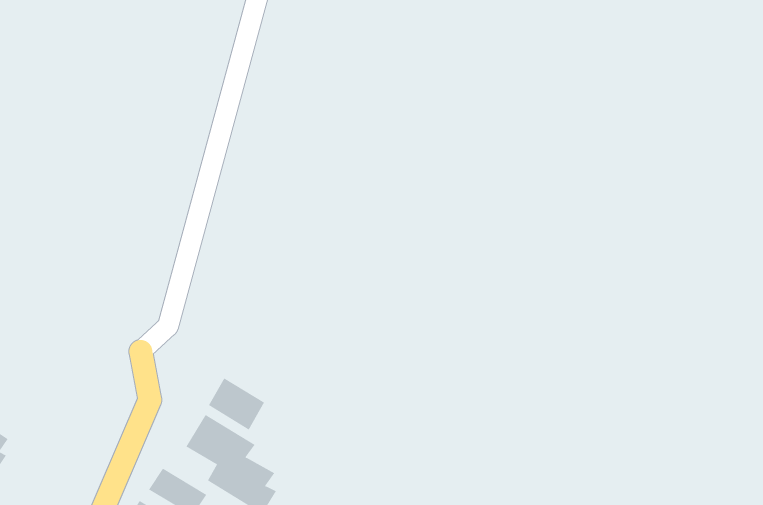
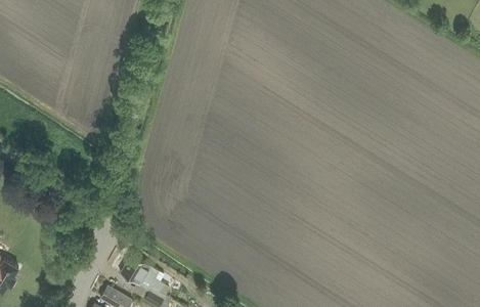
building: [208,377,265,431] -> none

